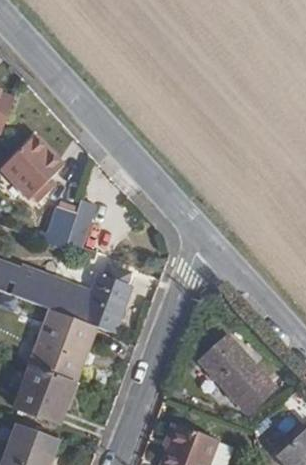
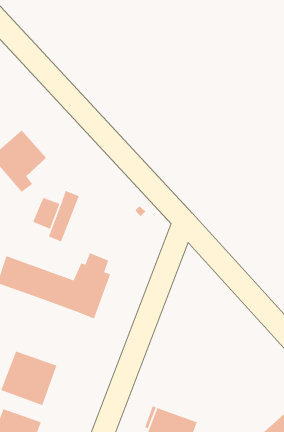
building: [33,311,93,380] -> none
building: [199,337,272,416] -> none

